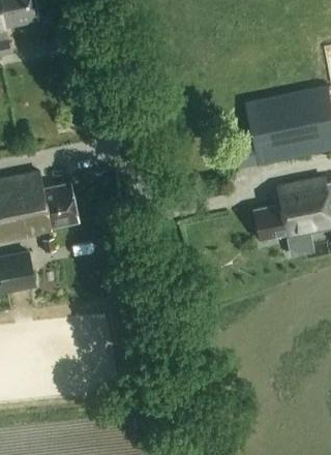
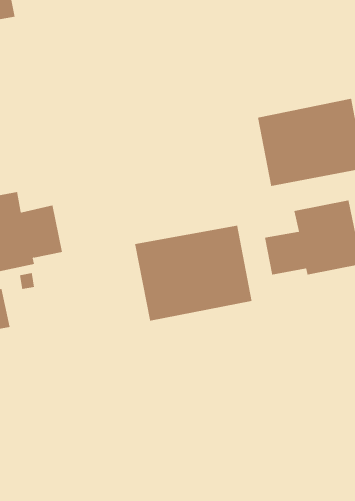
building: none -> [135,225,252,322]

